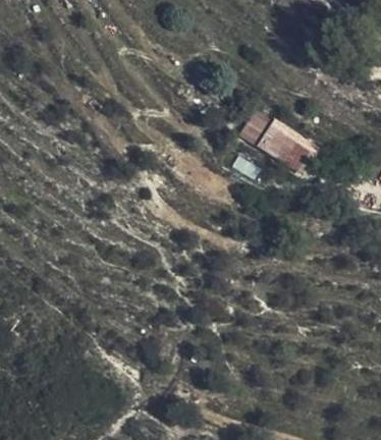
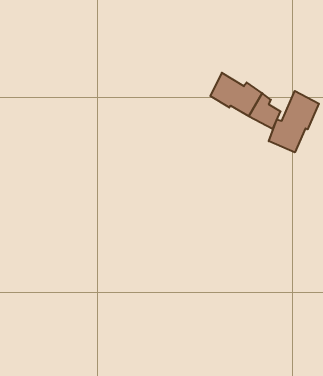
building: none -> [269,91,319,152]

